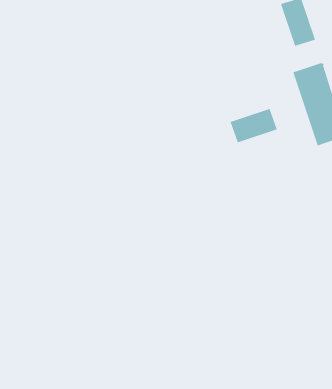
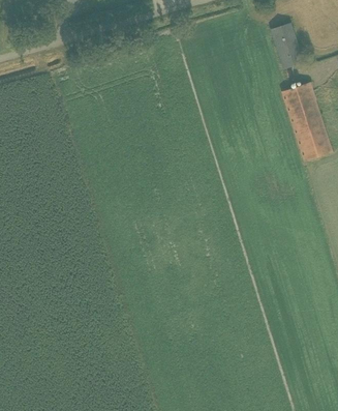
building: [230,108,278,143] -> none

